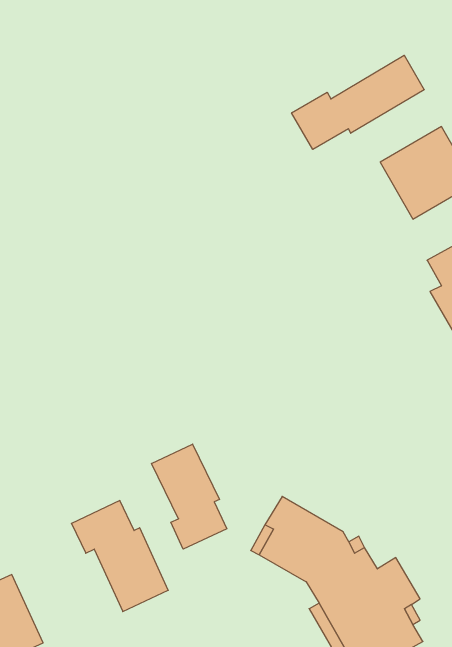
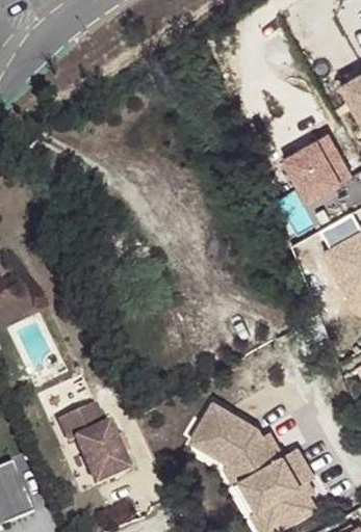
building: [292,55,424,149] -> none
building: [152,444,227,549] -> none

